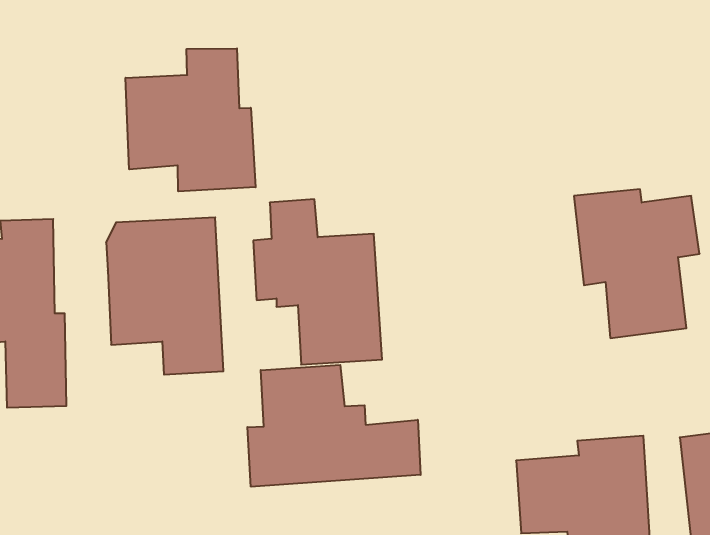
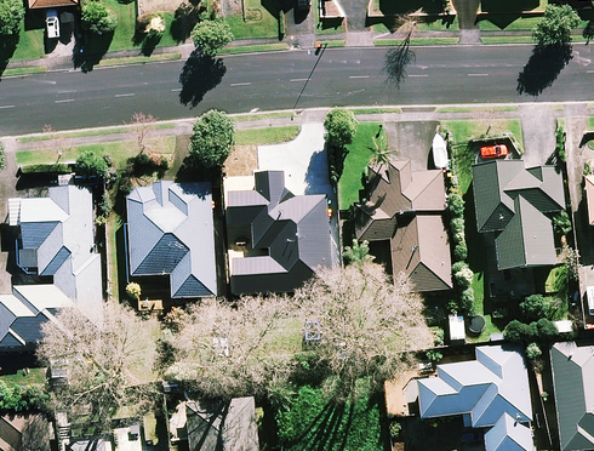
building: [126,48,256,191] -> none
building: none -> [353,169,447,293]
building: [247,365,421,487] -> none

